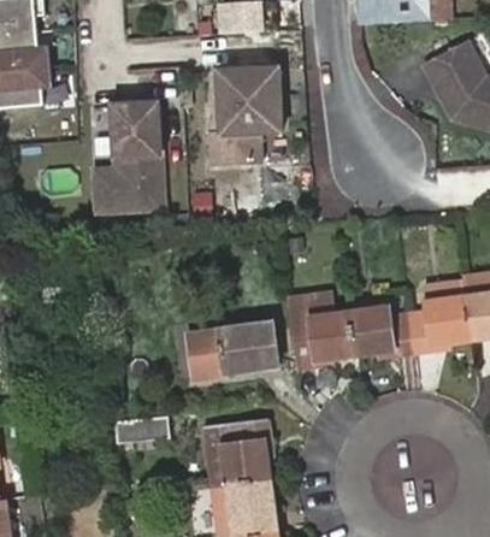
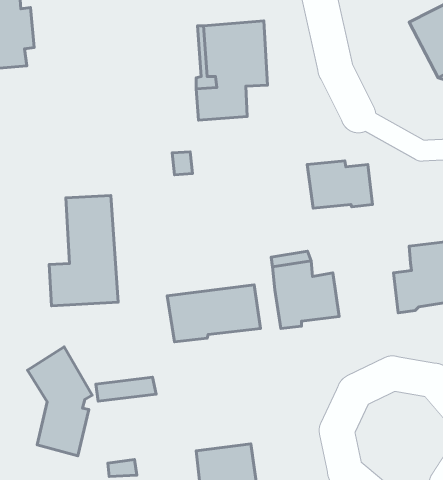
building: [96,104,165,213] -> [49,196,118,306]
building: [349,308,414,355] -> [307,161,373,208]
building: none -> [28,347,92,456]
building: [206,419,268,489] -> none

